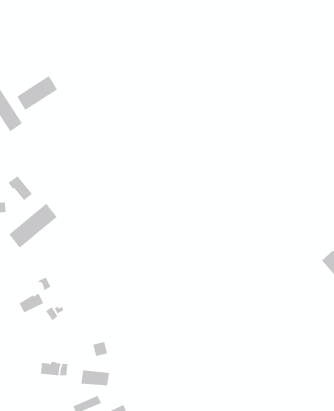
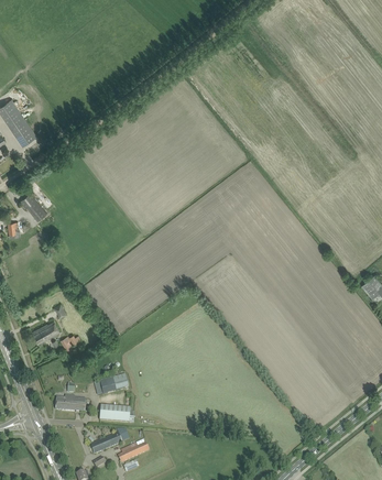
building: [16,75,58,111] -> none
building: [8,203,57,249] -> none

